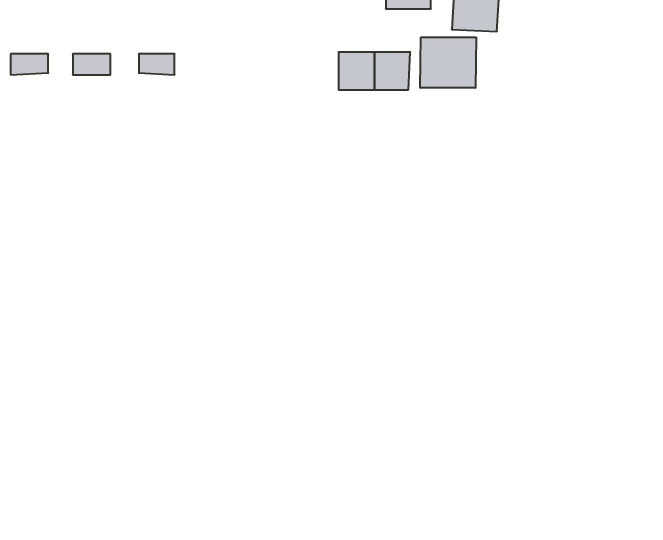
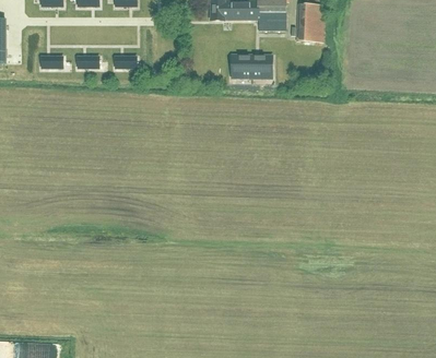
building: [420,37,476,88] -> none

